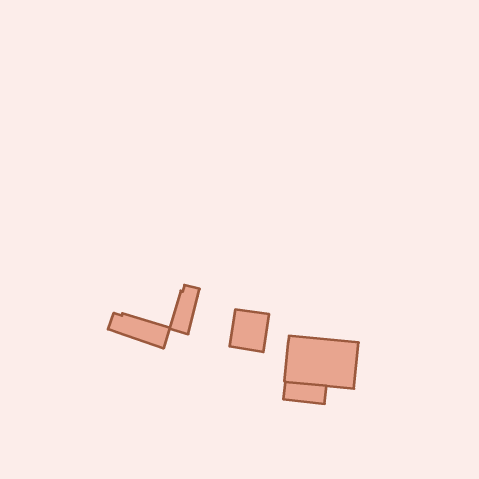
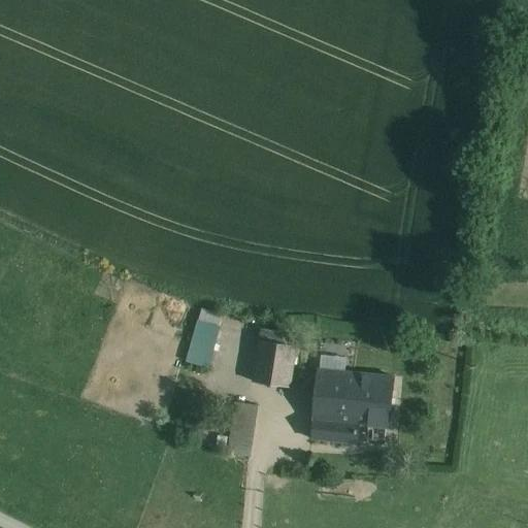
building: [108,313,170,348] -> none
building: none -> [227,401,257,455]

